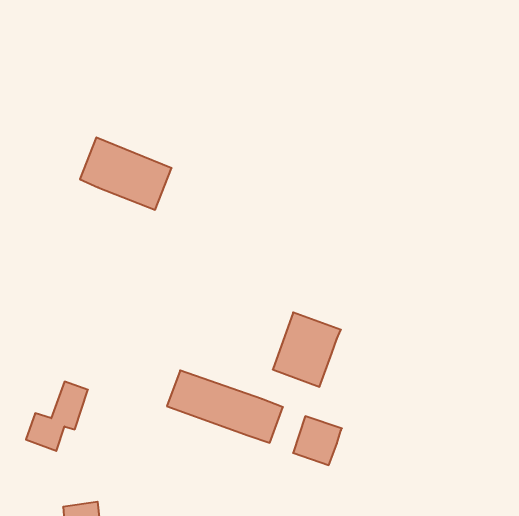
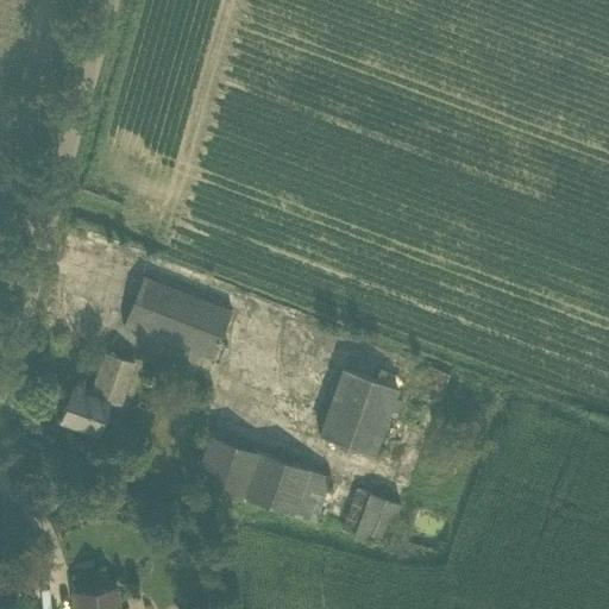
building: [80,137,172,210] -> [125,278,232,363]
building: [26,382,88,451] -> [62,354,134,435]

